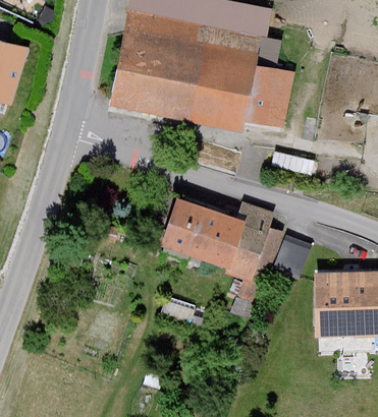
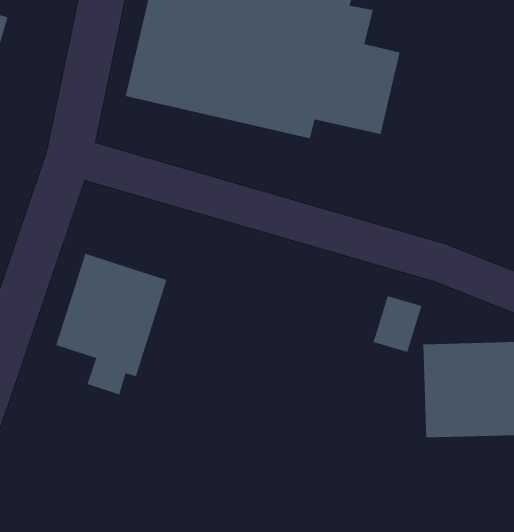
building: [156,196,285,285] -> none
building: none -> [55,253,168,396]

